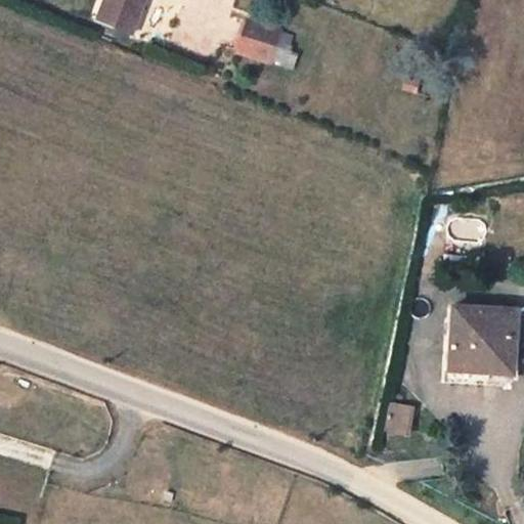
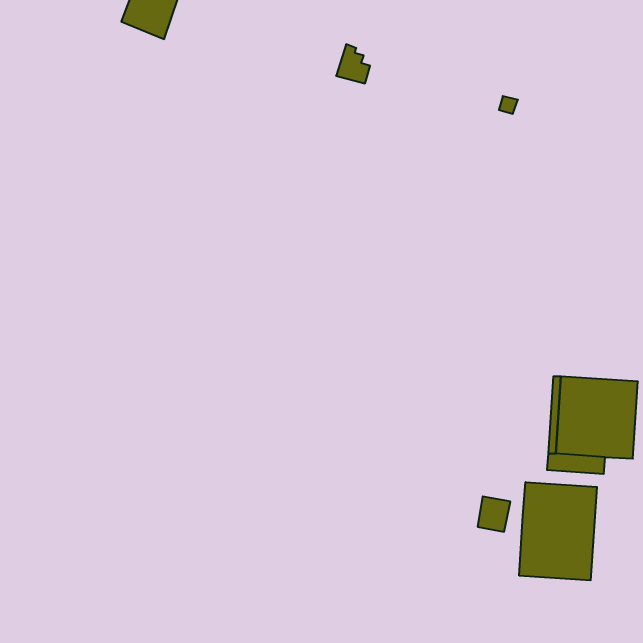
building: [241,17,285,61] -> none
building: none -> [519,482,597,580]

